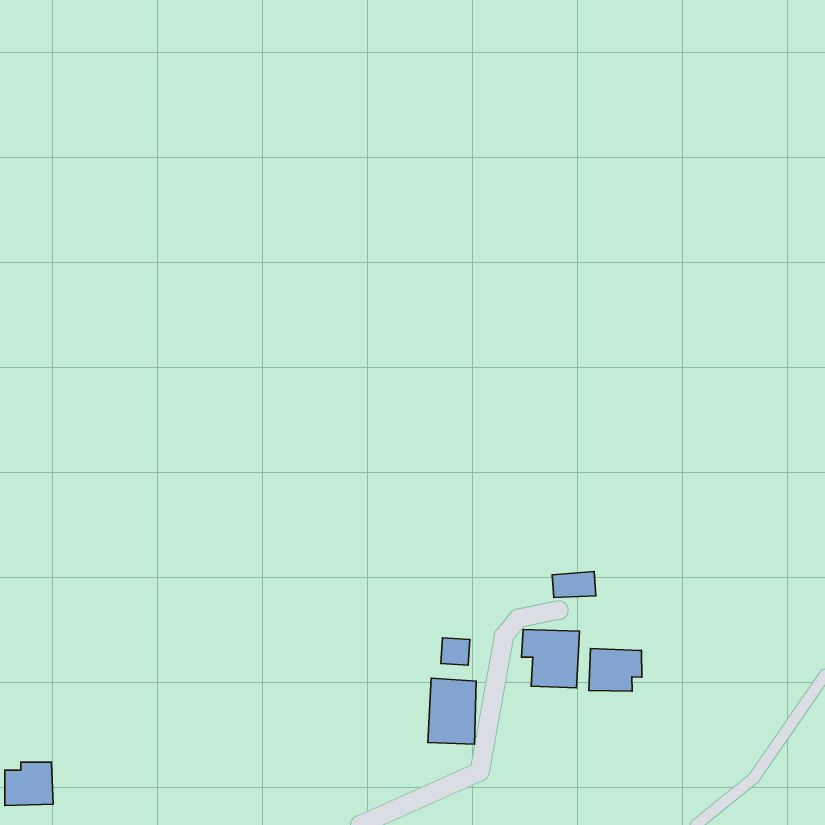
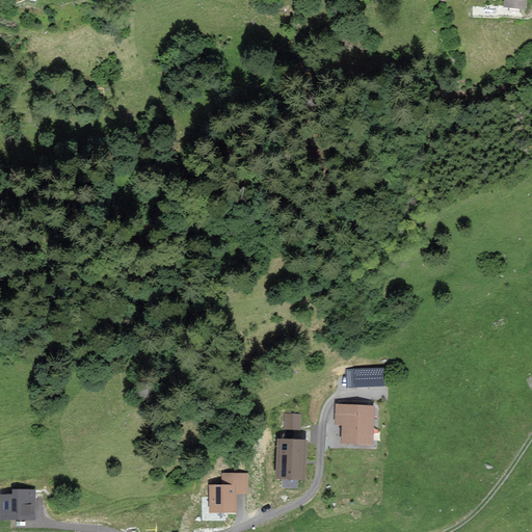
building: [589,648,642,691] -> none
building: none -> [211,474,246,511]

